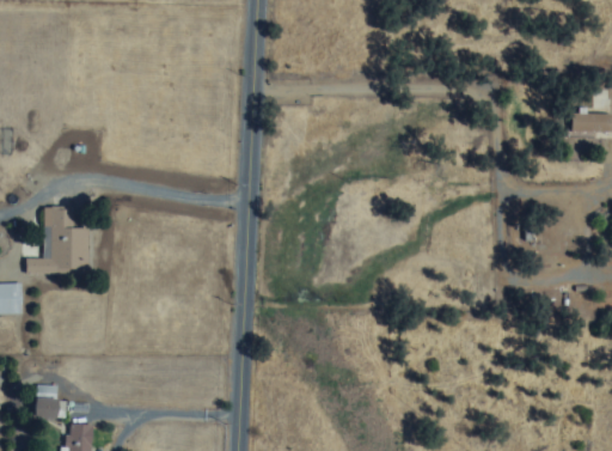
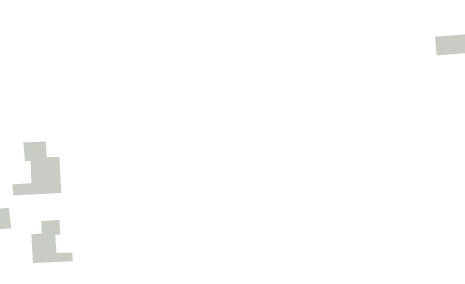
building: none -> [31,219,73,264]

